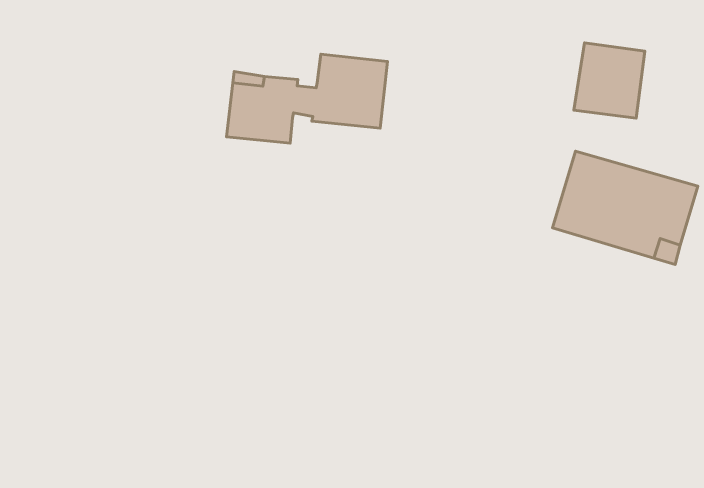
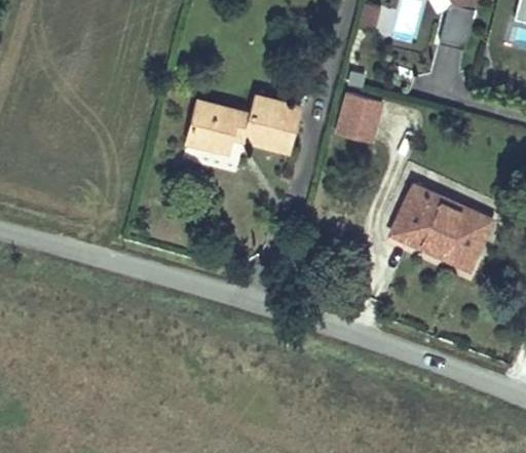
building: [574,43,645,118] -> [331,92,383,147]

